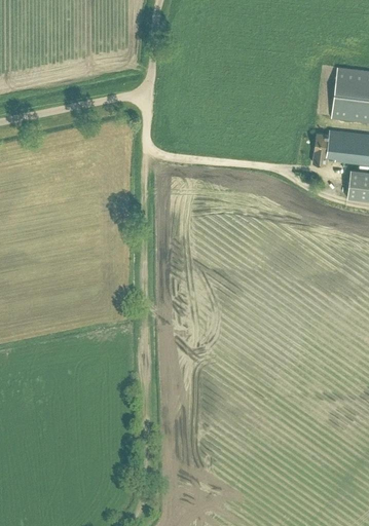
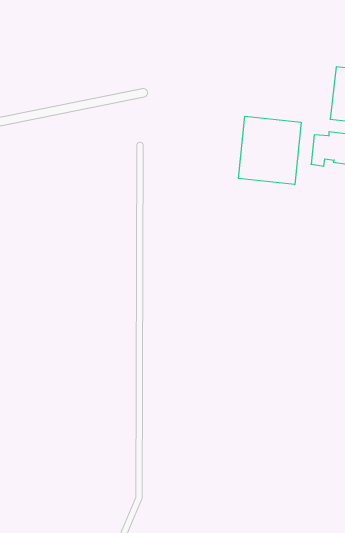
building: none -> [238,116,301,185]

